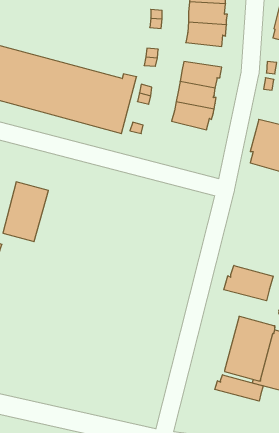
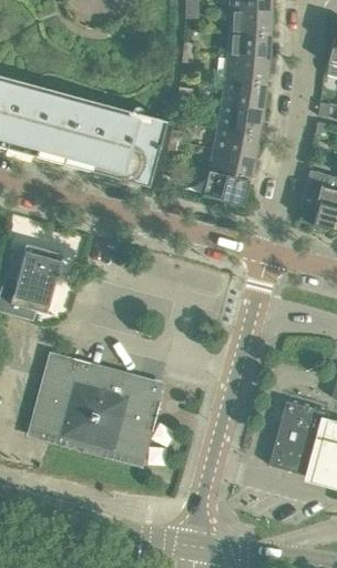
building: none -> [222,79,267,108]
building: none -> [202,171,248,204]
building: [224,265,273,301] -> none
building: none -> [31,355,160,462]
building: [215,375,263,401] -> none

